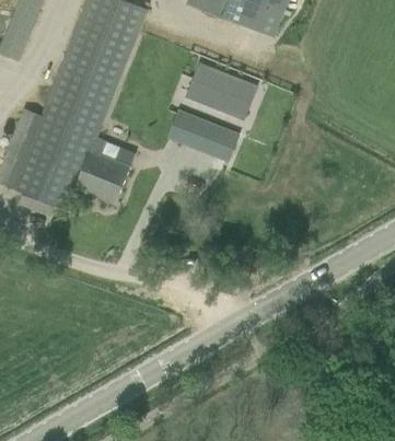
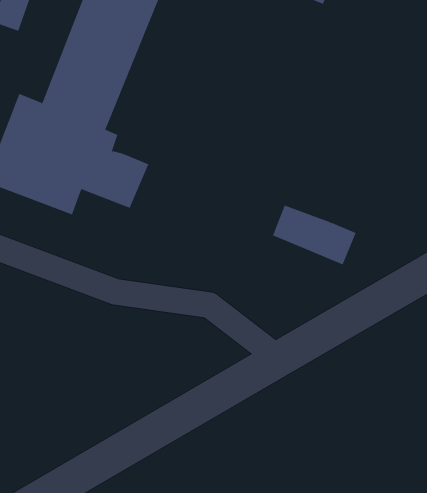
building: [193,63,249,118] -> none
building: [167,112,236,161] -> [272,205,357,265]

